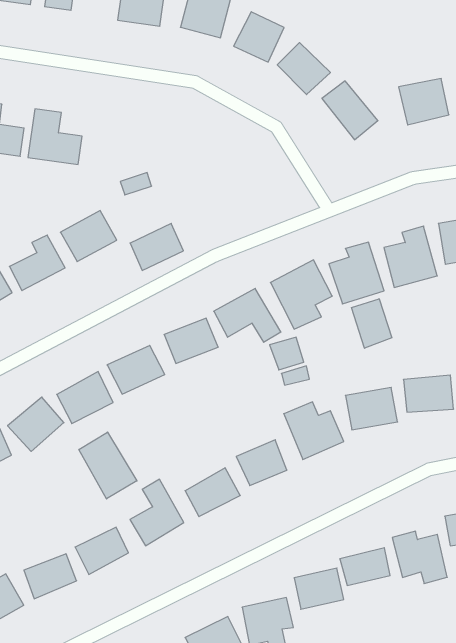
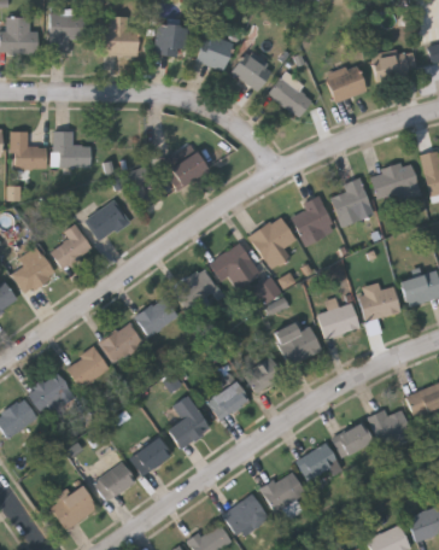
building: [130,223,183,270] -> [166,152,207,191]
building: [352,299,392,348] -> none
building: [79,432,137,499] -> none

